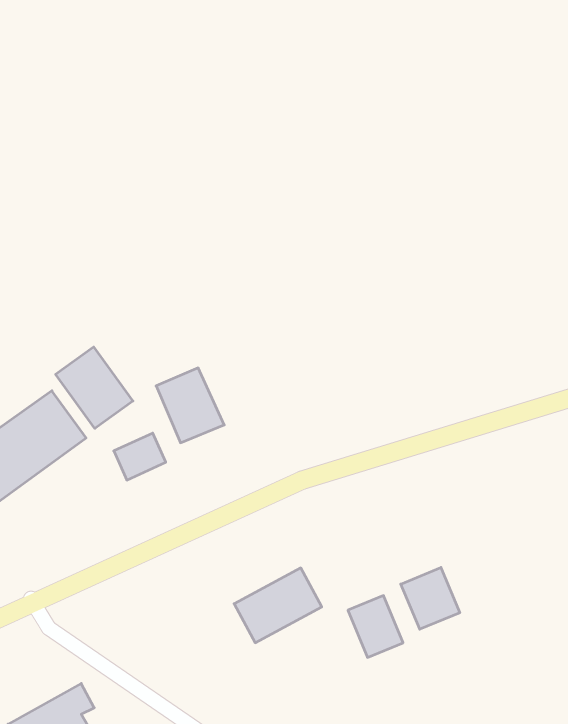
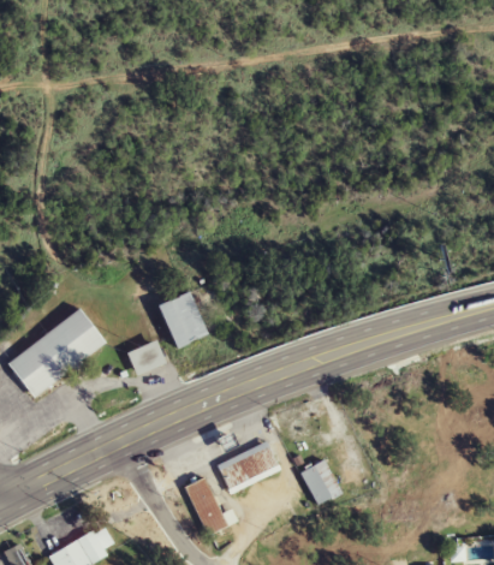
building: [56,347,133,428] -> none
building: [401,567,460,629] -> none
building: none -> [183,476,237,535]

